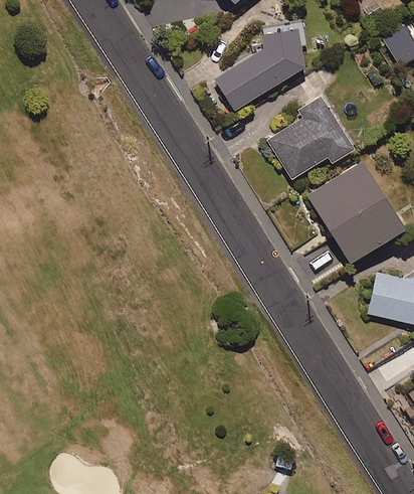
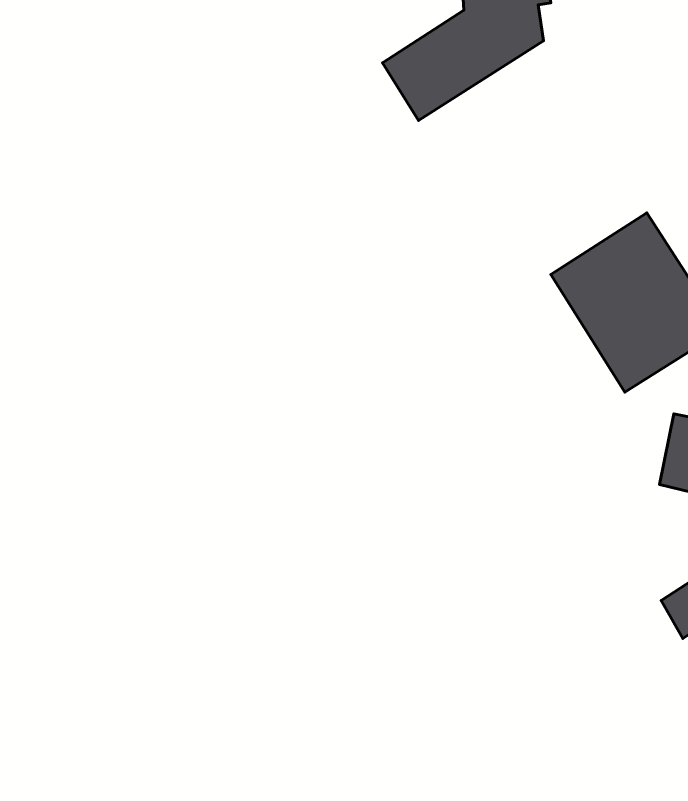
building: [268,96,354,179] -> none

